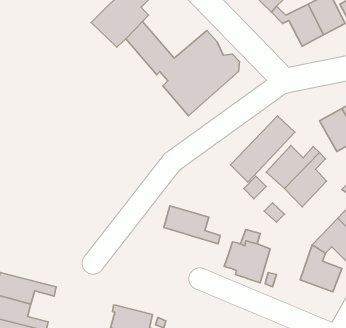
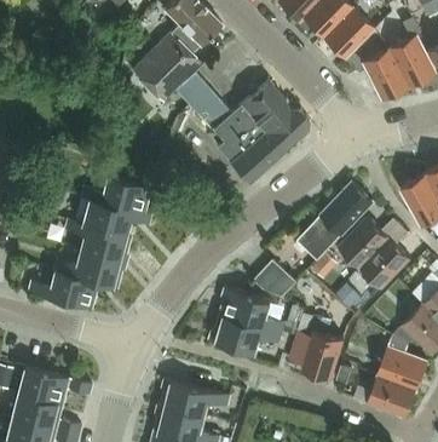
building: none -> [29,176,152,308]
building: none -> [254,260,295,297]
building: none -> [209,314,282,354]
building: none -> [344,375,417,418]
building: none -> [161,380,230,417]

